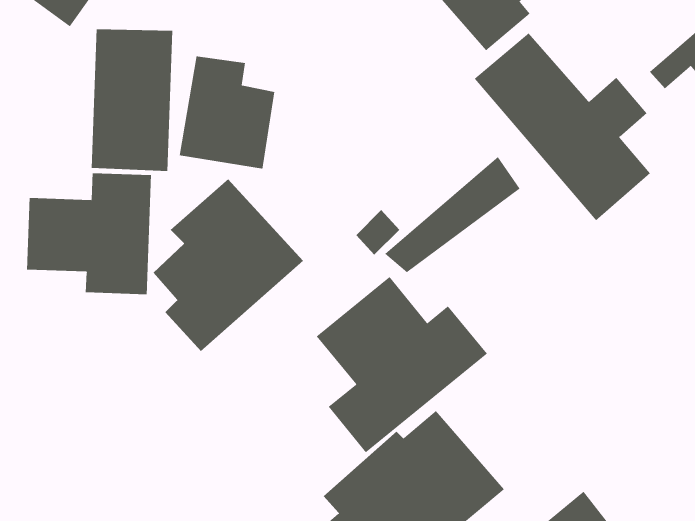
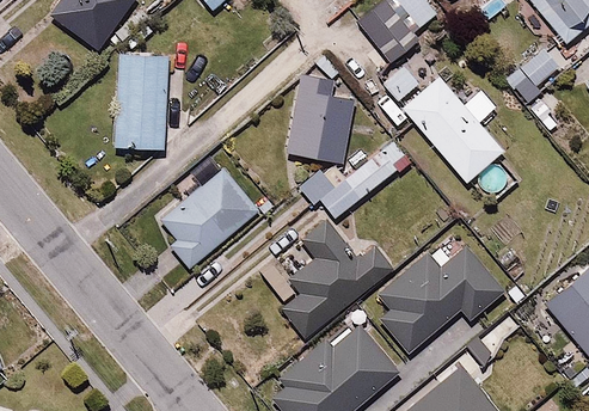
building: [179,56,275,169] -> [287,82,354,161]
building: [27,172,152,295] -> none
building: none -> [362,229,513,357]

